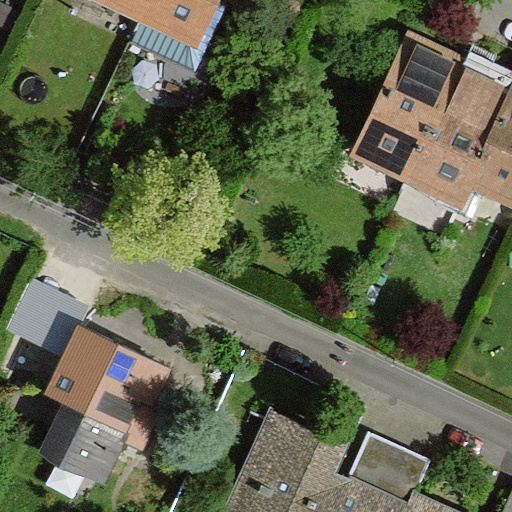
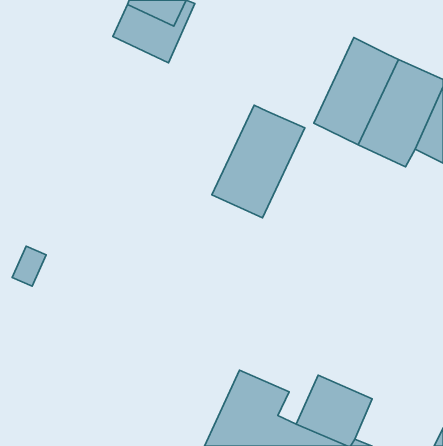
building: none -> [212,105,305,218]
building: [46,326,164,474] -> none

